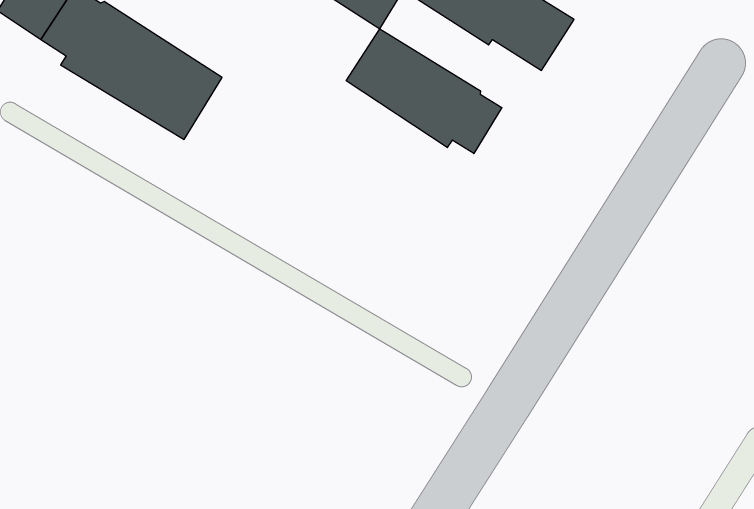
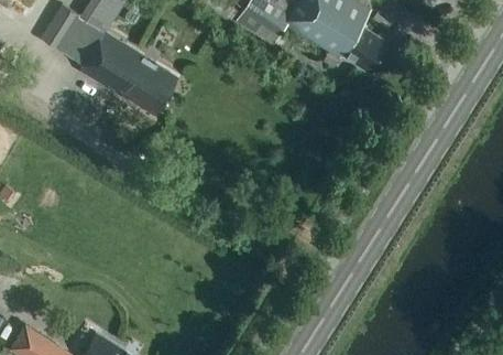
building: [346,29,502,154] -> none

